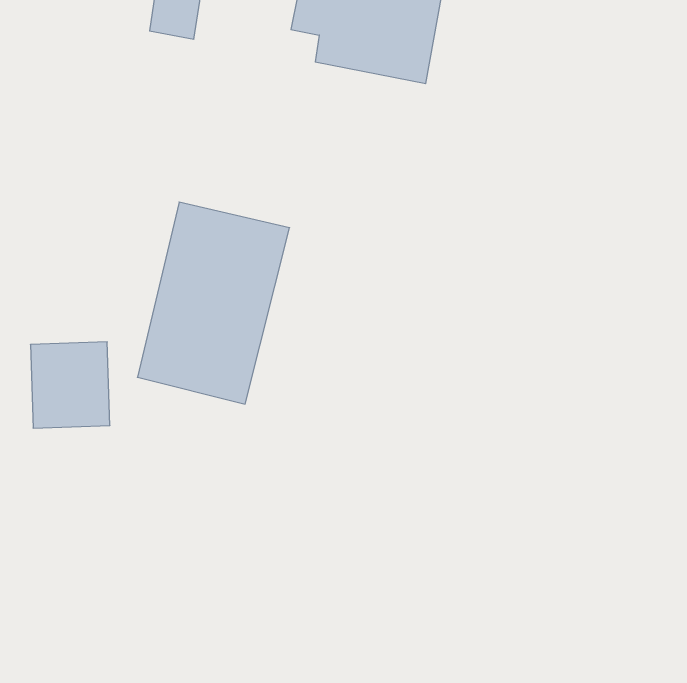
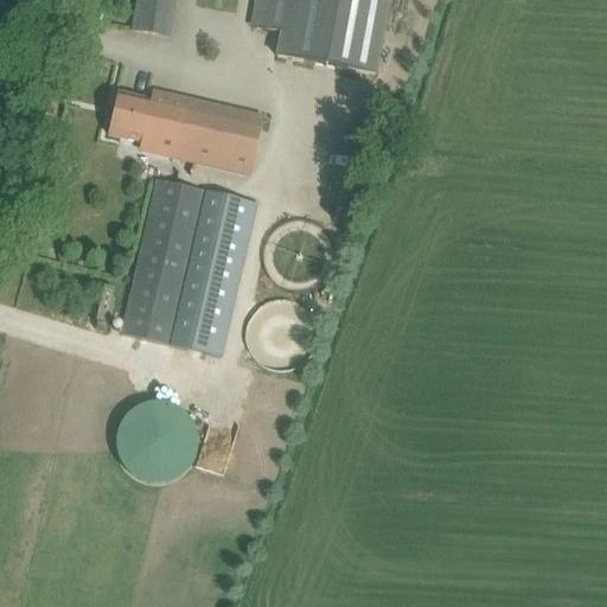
building: none -> [109,88,263,173]
building: [30,342,110,428] -> [116,402,186,478]

